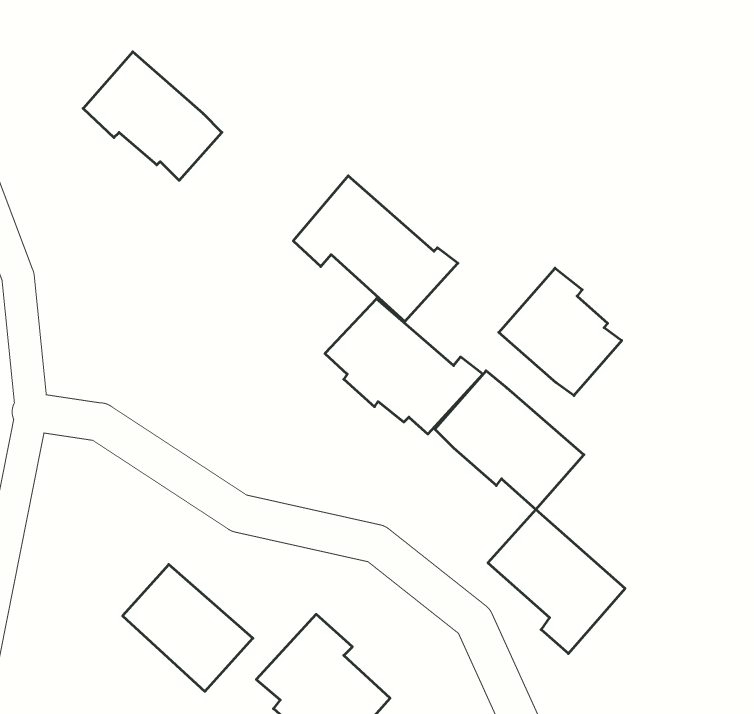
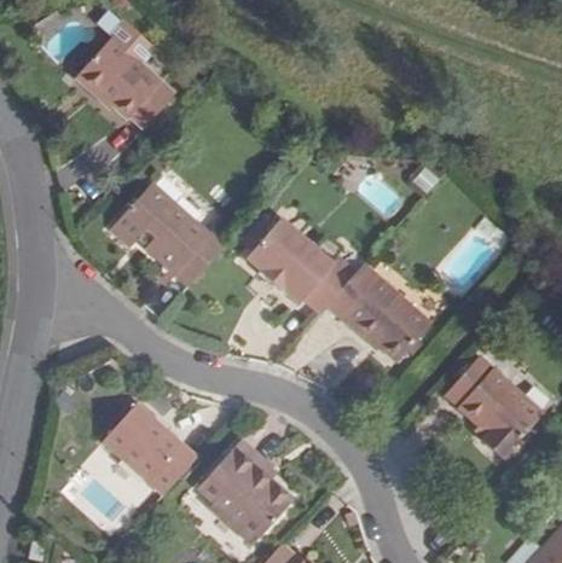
building: [293,176,458,322] -> [111,184,227,286]
building: [499,268,622,396] -> none
building: [488,510,625,654] -> [444,358,540,459]

